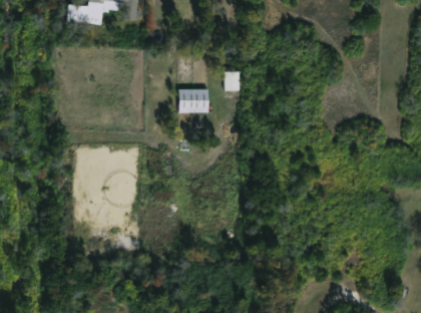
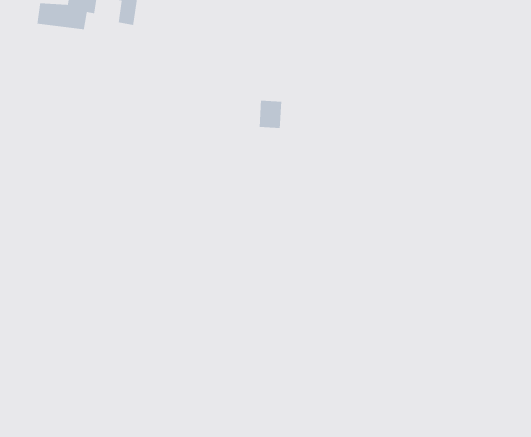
building: [178,90,208,114] -> none

